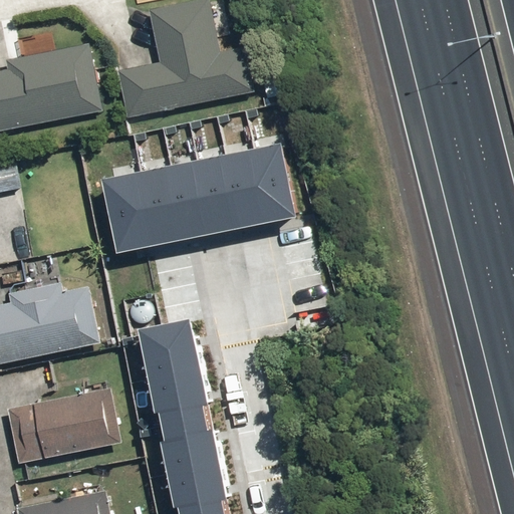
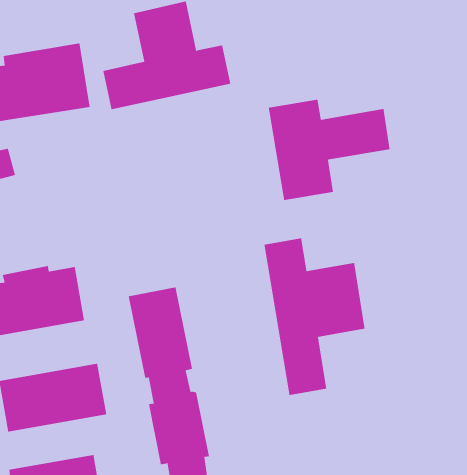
building: none -> [268,99,390,201]
building: [102,139,295,248] -> none
building: none -> [264,238,365,396]

